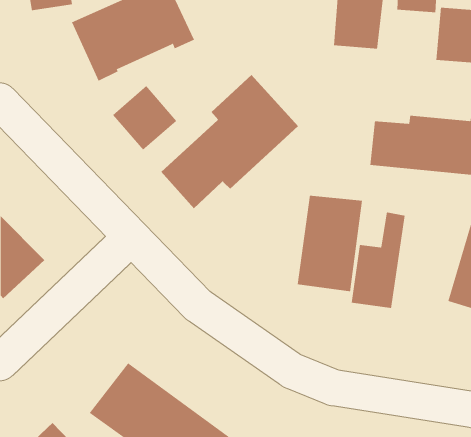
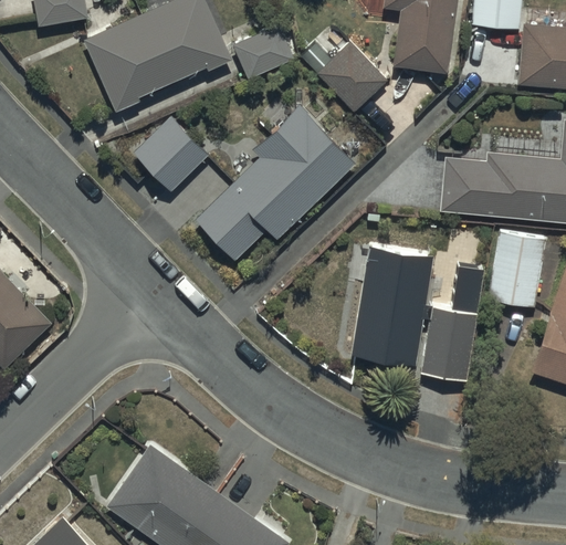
building: none -> [234,24,294,76]
building: none -> [318,44,389,114]
building: none -> [488,232,544,310]

